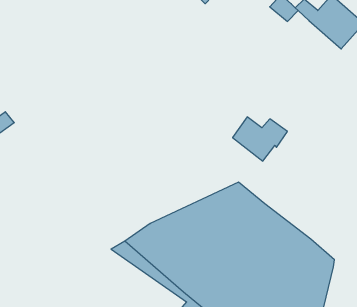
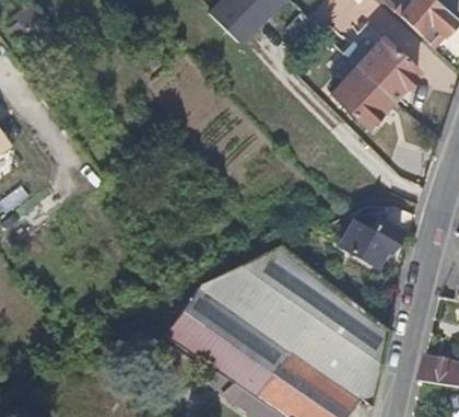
building: none -> [333,65,396,126]
building: [233,117,287,161] -> [341,216,402,265]

